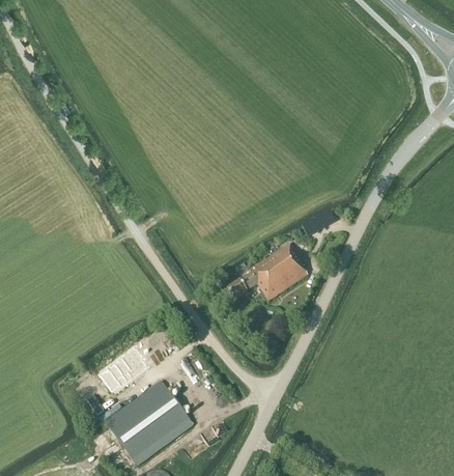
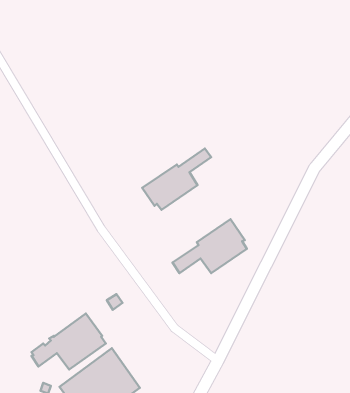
building: none -> [142,149,211,210]

